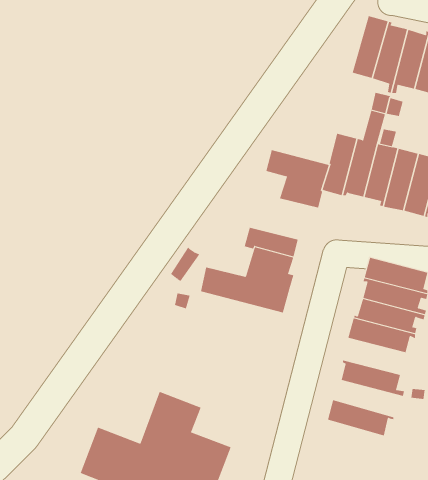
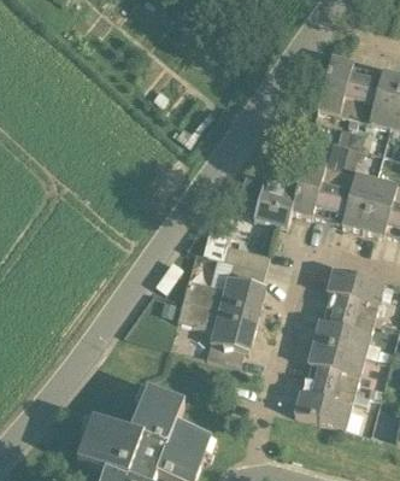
building: none -> [177,299,257,365]
building: none -> [308,340,365,373]
building: none -> [300,377,363,410]

